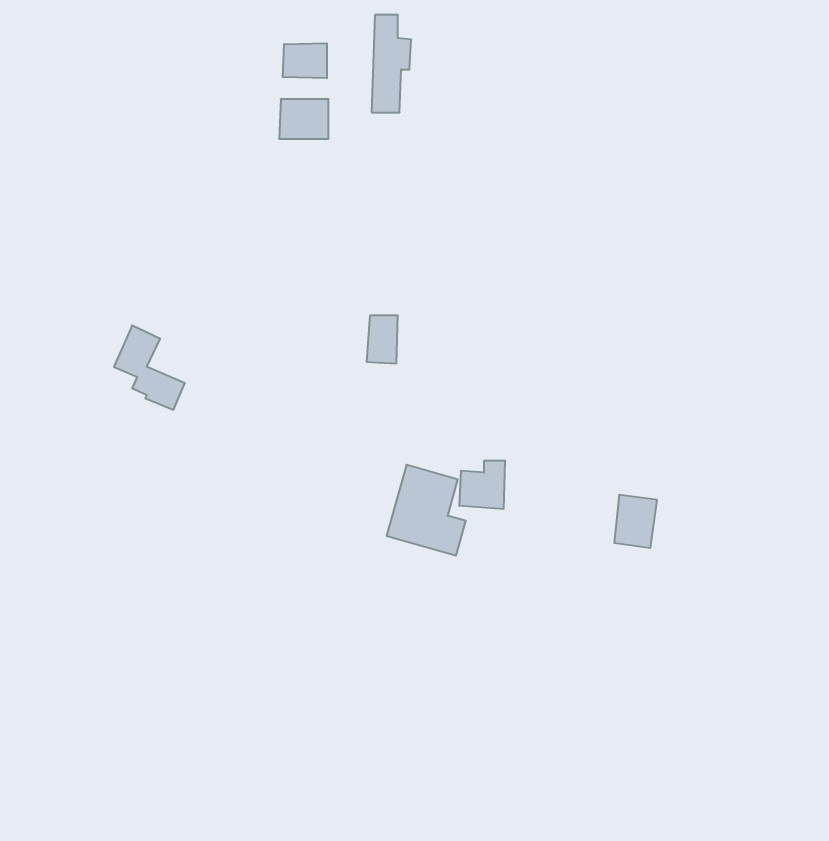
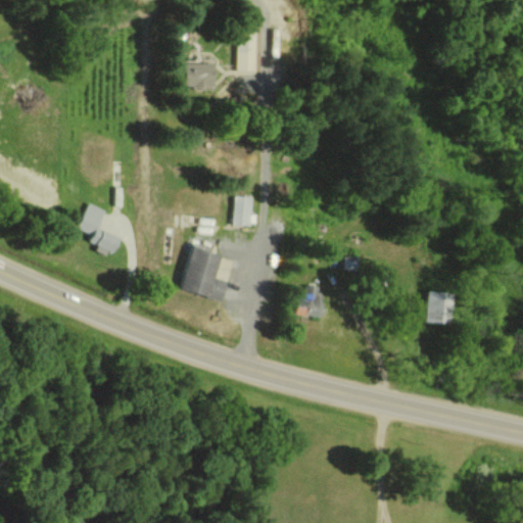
building: [283,43,327,78] -> none
building: [387,465,466,556] -> [180,246,229,302]
building: [614,495,657,548] -> [424,292,450,325]

